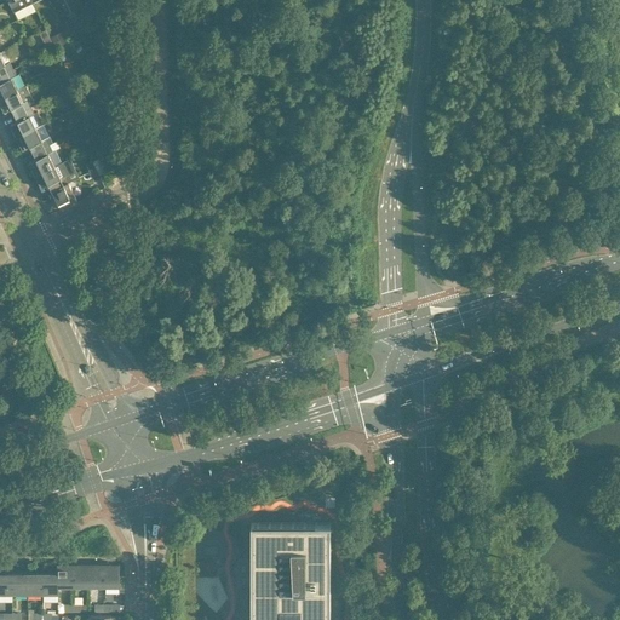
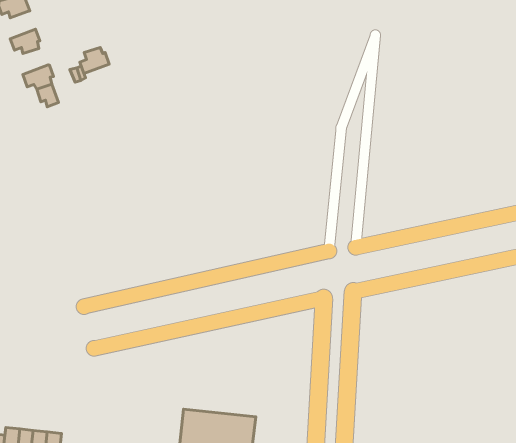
building: [10,108,42,139] -> none
building: [28,147,61,177] -> [80,48,109,74]

